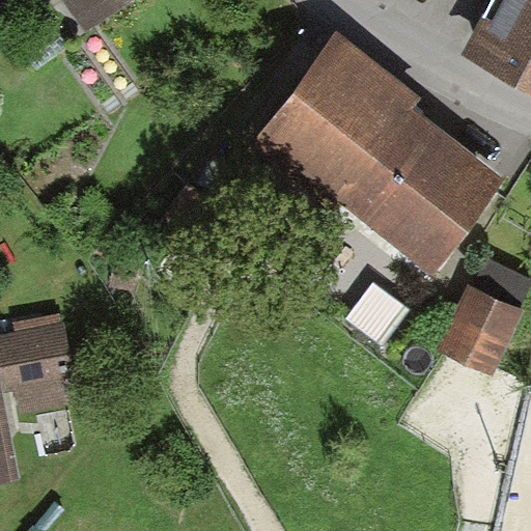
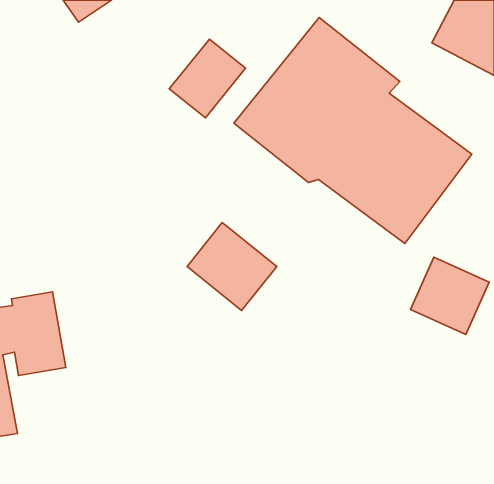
building: none -> [169,39,246,118]
building: none -> [187,222,277,311]

